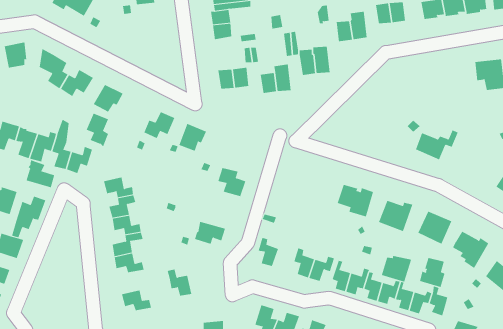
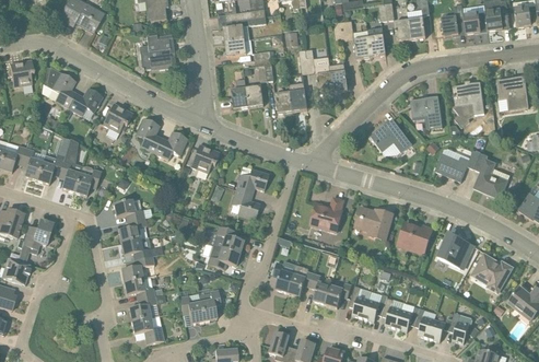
building: none -> [139,34,174,70]
building: none -> [453,81,484,126]
building: none -> [410,95,442,128]
building: none -> [371,118,411,151]
building: [86,113,109,147] -> [136,117,160,152]
building: none -> [473,152,507,197]
building: none -> [235,167,269,192]
building: [26,159,55,188] -> none
building: none -> [310,197,343,231]
building: none -> [212,224,243,252]
building: none -> [288,264,314,295]
building: [381,255,412,282] -> none
building: [419,257,445,288] -> none
building: none -> [199,288,221,319]
building: none -> [129,293,163,319]

